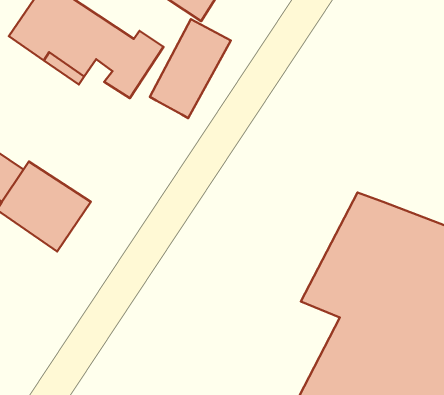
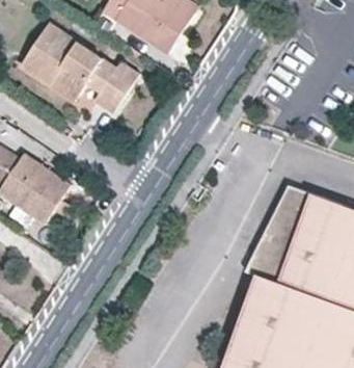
building: [150,19,231,118] -> none

